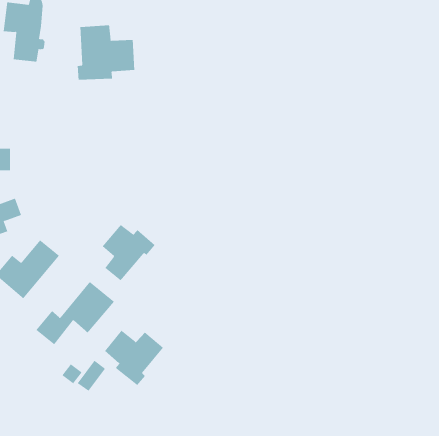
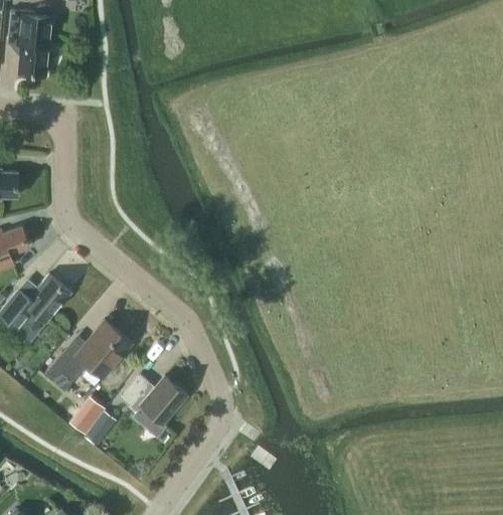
building: [77,24,135,80] -> none
building: [102,224,155,281] -> none

